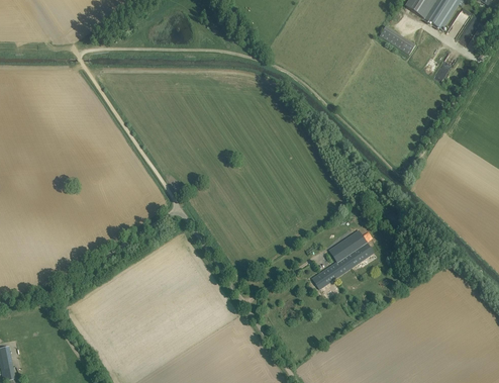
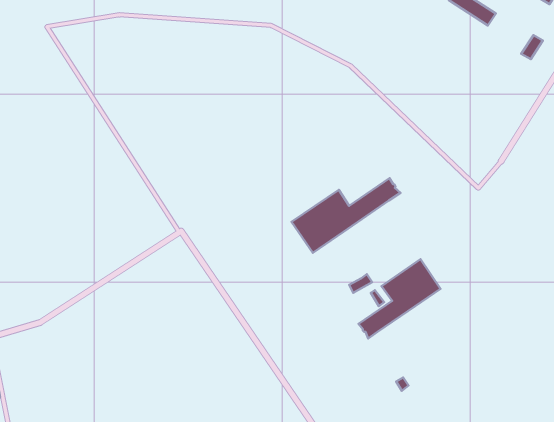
building: none -> [291,178,401,253]

